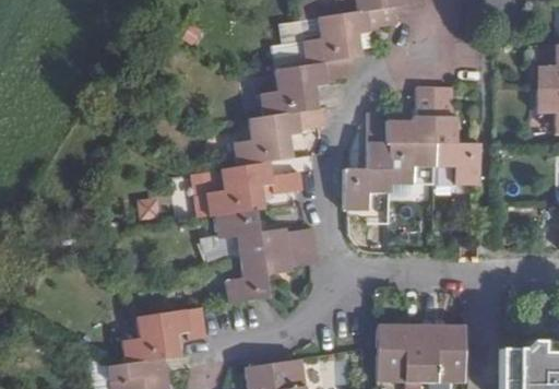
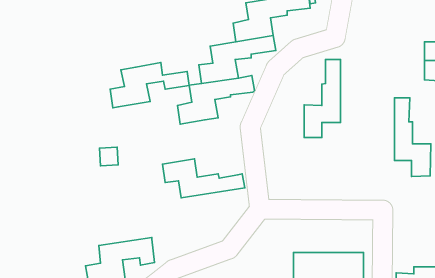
building: [435,86,479,184] -> [395,98,431,177]
building: [343,113,390,210] -> none
building: [205,161,302,216] -> [110,63,189,108]
building: [223,245,319,304] -> none

